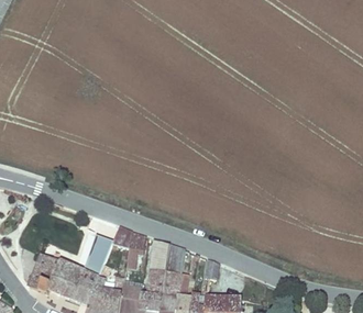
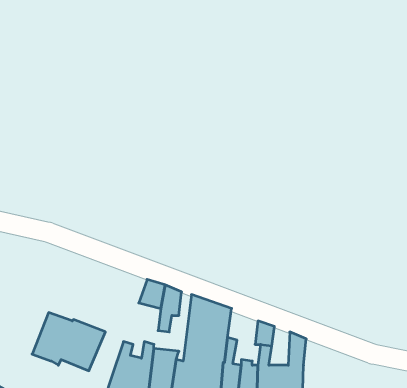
building: [74,247,110,304] -> none

